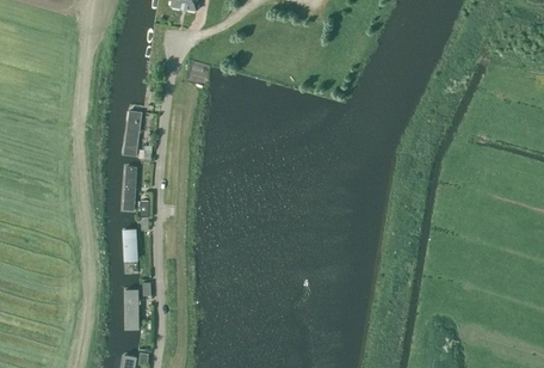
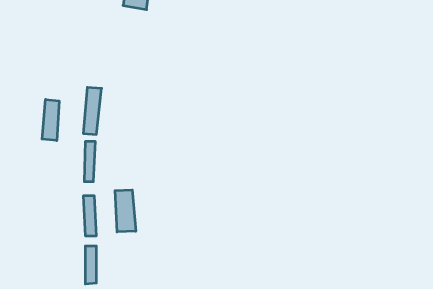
building: none -> [42,99,59,141]
building: none -> [115,190,136,232]

